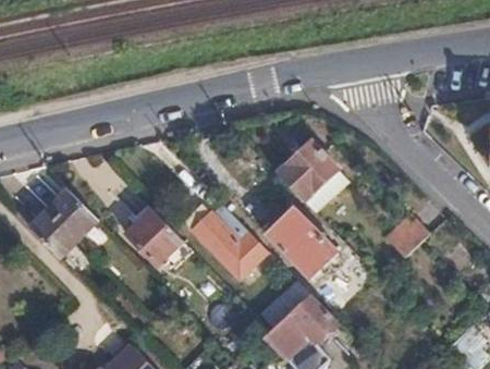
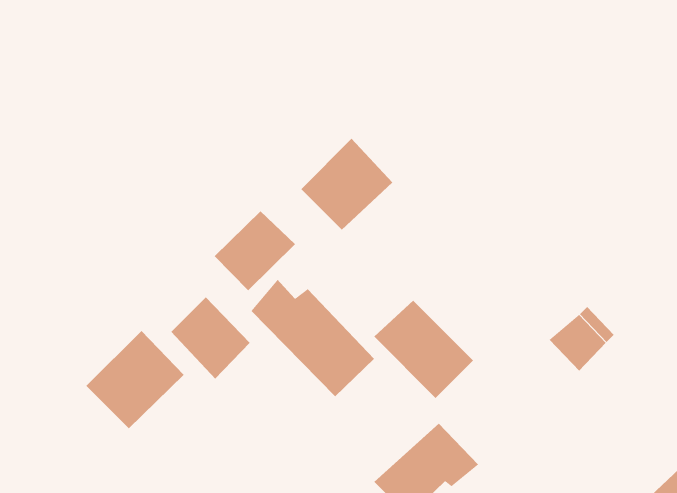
building: [272,137,335,200] -> [300,138,393,231]
building: none -> [214,211,296,291]
building: [33,193,100,260] -> [86,330,185,429]

